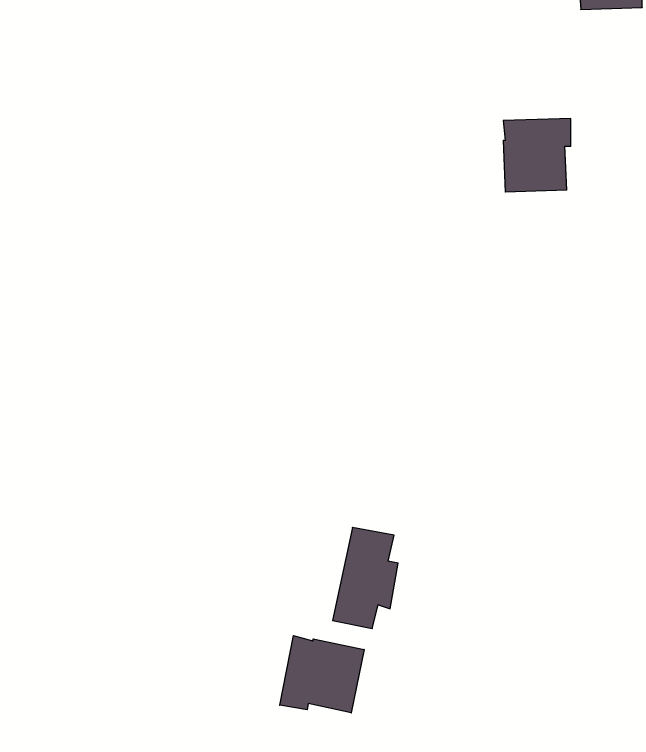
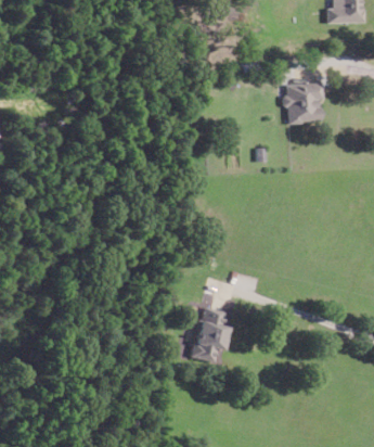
building: [280,636,364,713] -> none

